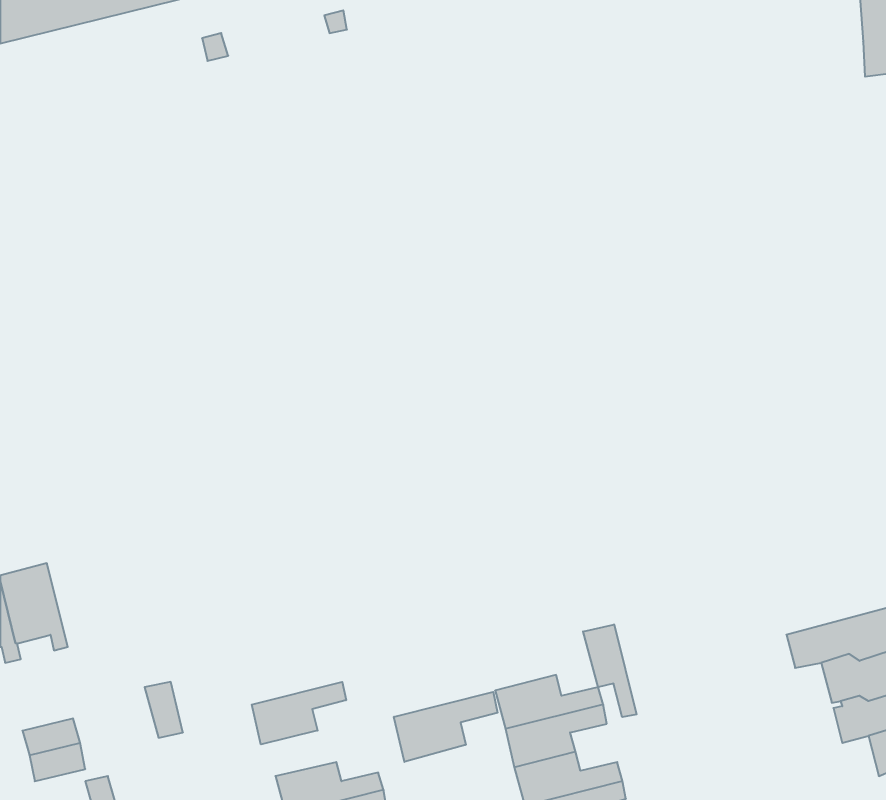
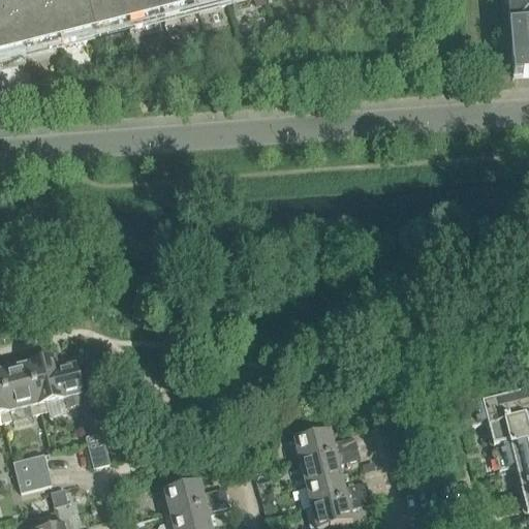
building: none -> [28,354,84,410]
building: [583,624,637,717] -> none
building: [252,682,346,744] -> none
building: [394,692,498,762] -> none

